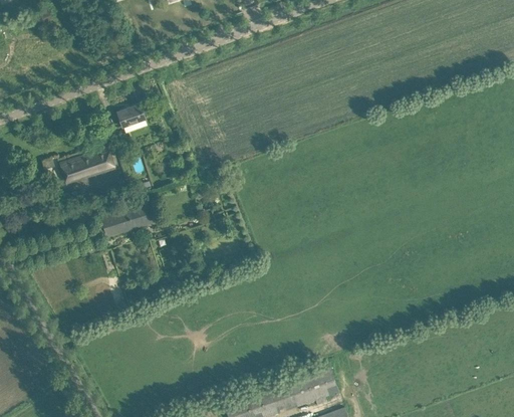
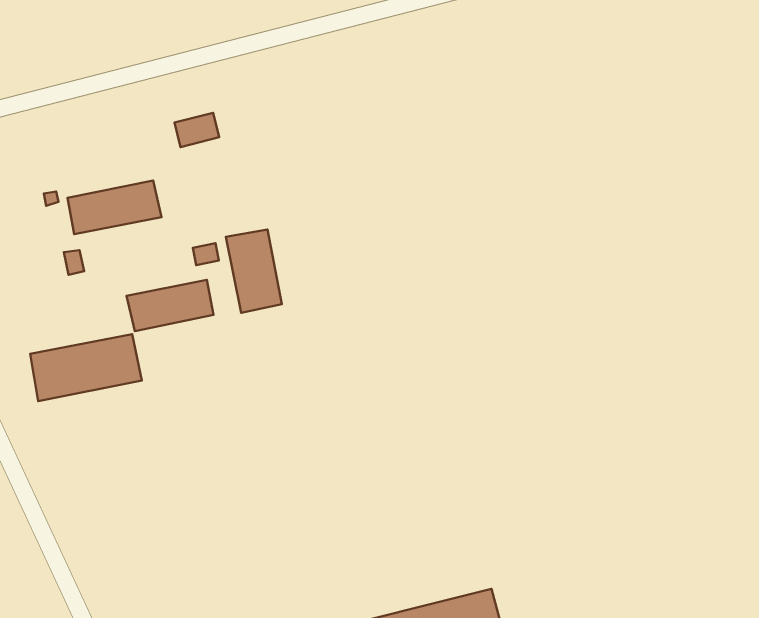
building: none -> [226,230,282,313]
building: none -> [30,334,142,401]

